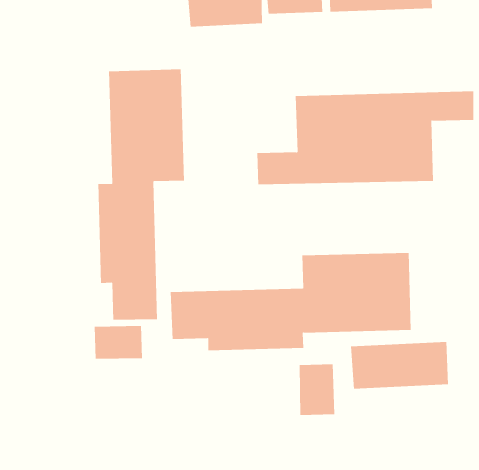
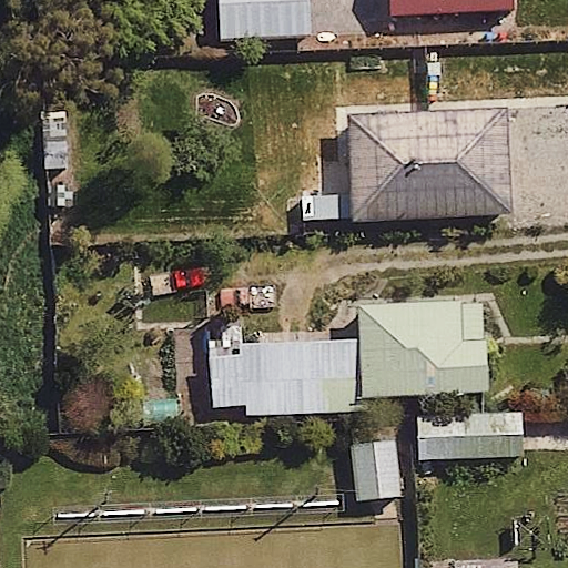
building: [98,69,185,320] -> none

